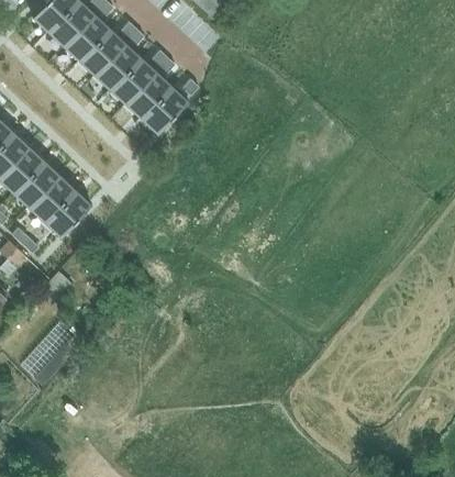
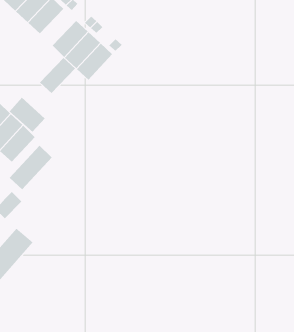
building: [95,42,141,88] -> [39,57,76,94]
building: none -> [9,97,45,133]
building: none -> [9,145,53,190]

